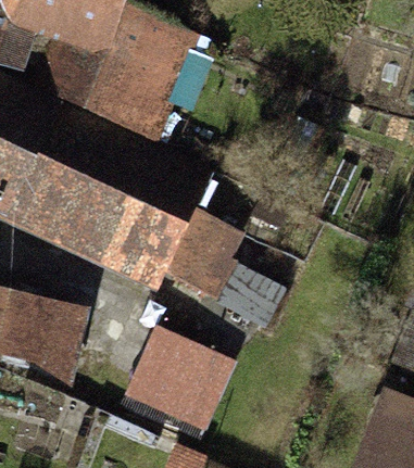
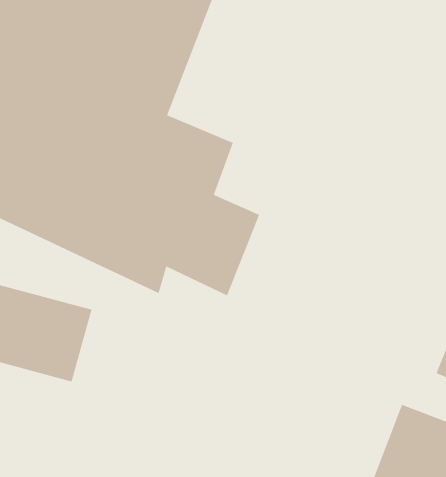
building: [140,320,243,412] -> none

